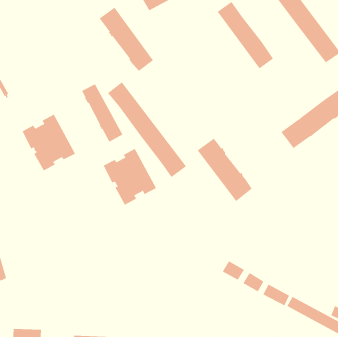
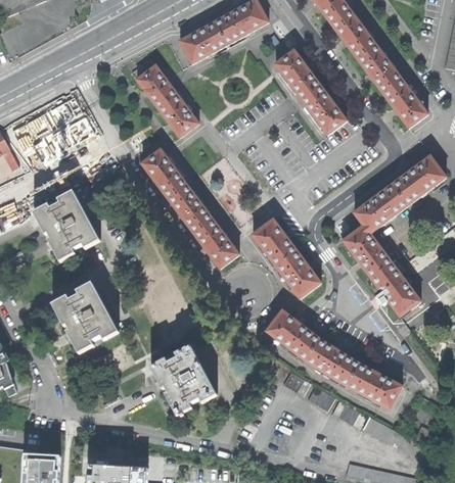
building: [82,84,123,142] -> none
building: none -> [343,225,420,317]
building: [103,148,157,205] -> [53,282,120,352]
building: none -> [266,310,401,407]
building: none -> [150,345,216,415]

